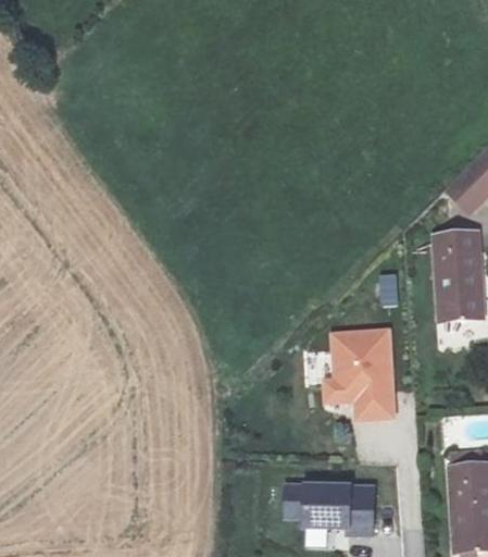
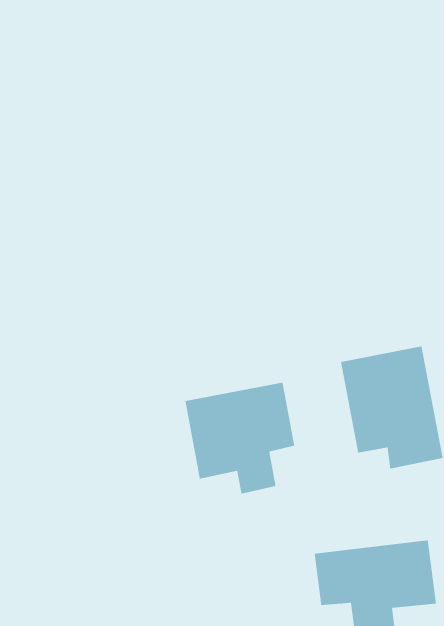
building: none -> [185,382,295,494]

